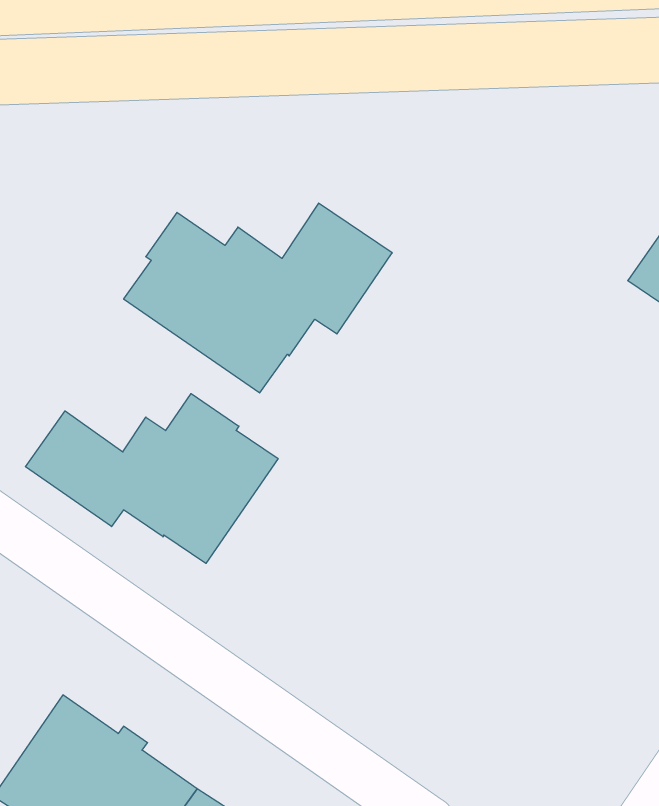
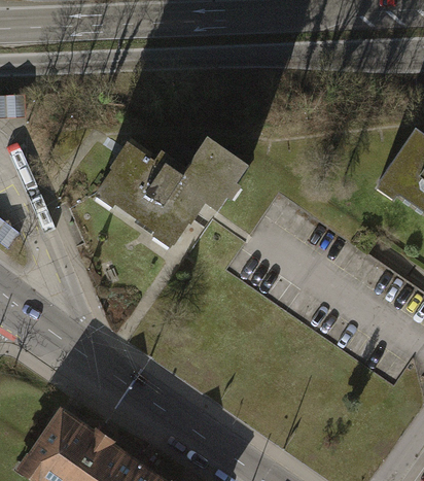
building: [25,394,278,563] -> none

